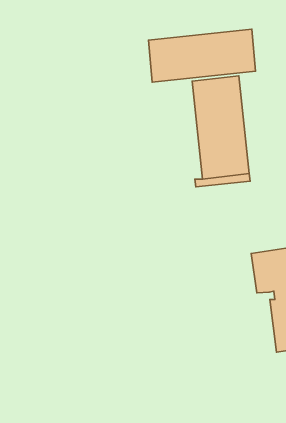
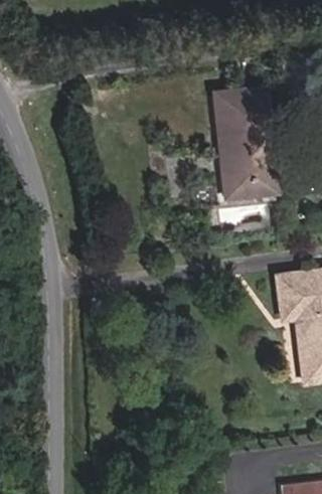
building: [148,29,255,82] -> none

